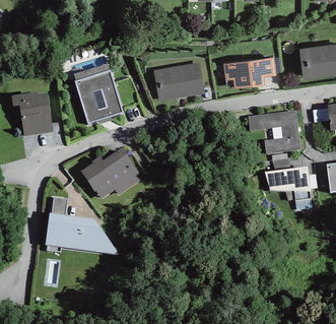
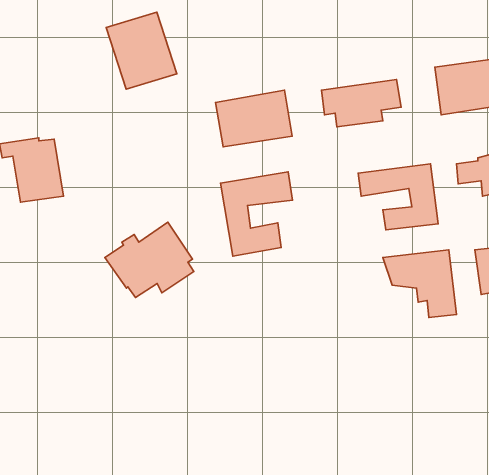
building: [75,72,122,123] -> [106,12,177,89]
building: none -> [221,172,293,256]
building: [46,197,120,257] -> none

